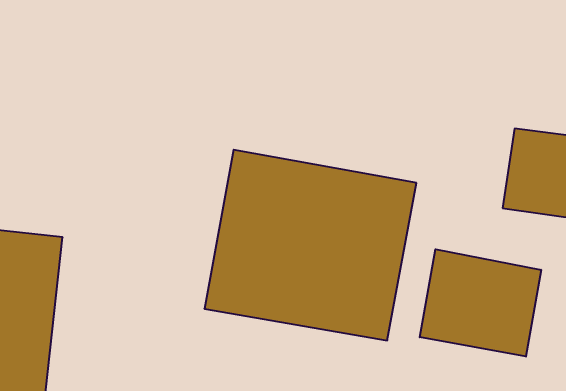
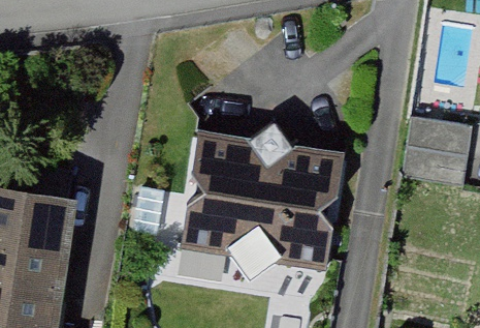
building: [420,249,541,357] -> none

